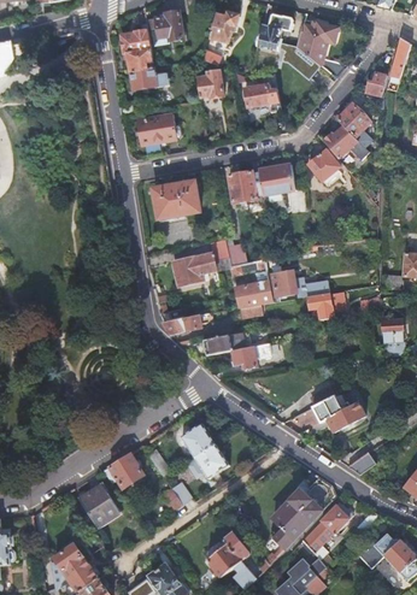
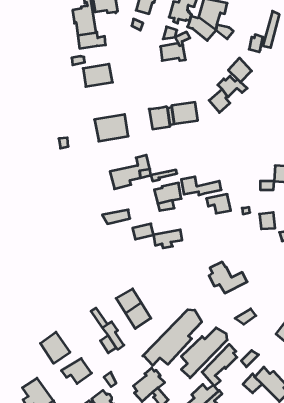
building: [194,69,222,96] -> none
building: [101,453,143,488] -> [61,358,92,384]
building: none -> [143,310,202,365]

